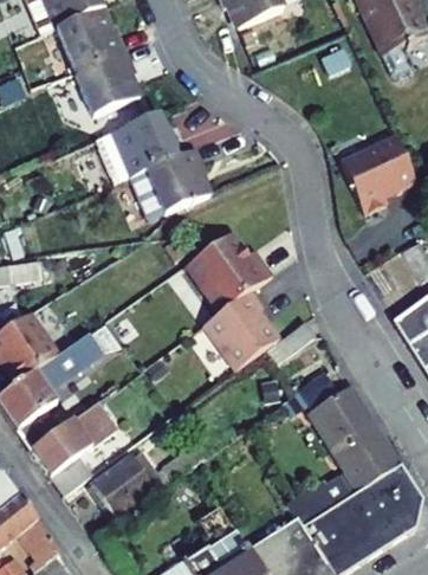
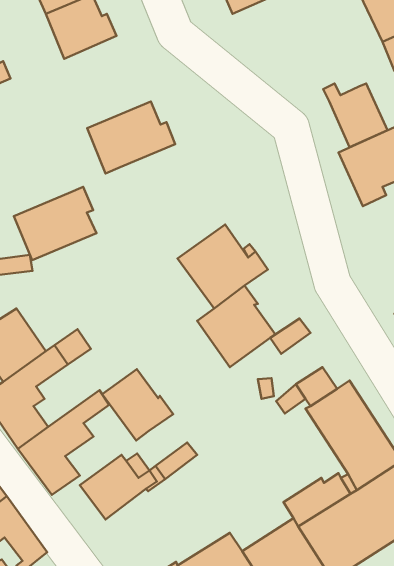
building: [74,49,138,114] -> none
building: none -> [323,83,387,147]
building: [129,148,209,219] -> [14,187,97,260]
building: none -> [102,369,173,440]

